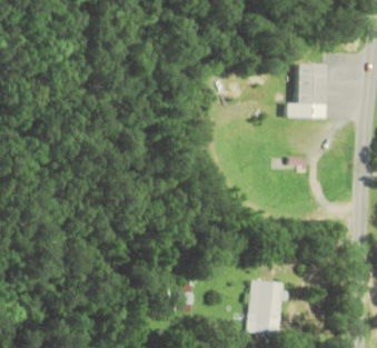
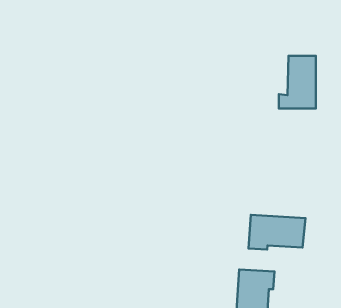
building: none -> [248,215,305,250]

